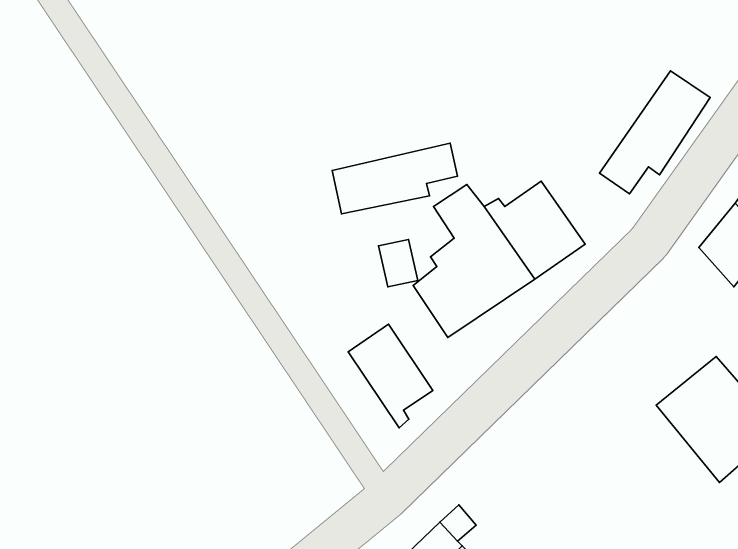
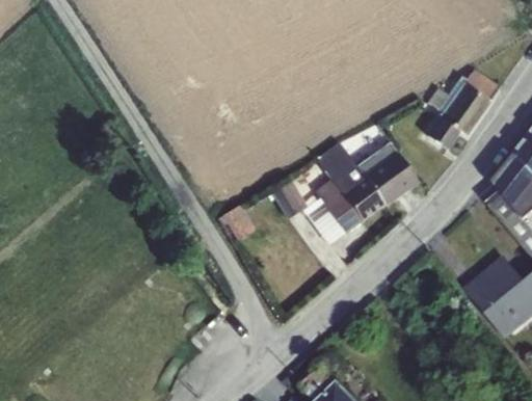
building: [332,143,458,214] -> none
building: [348,324,433,428] -> none

